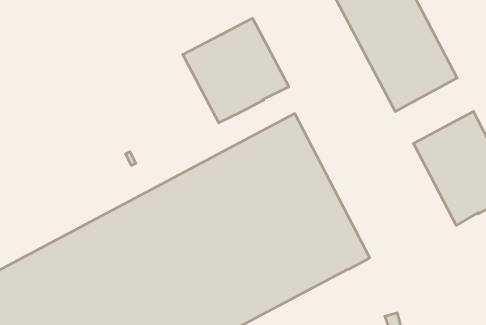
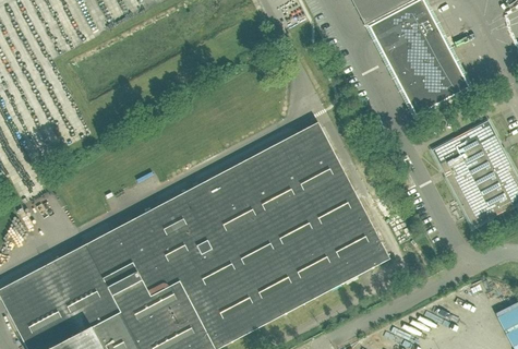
building: [183,18,289,123] -> none

